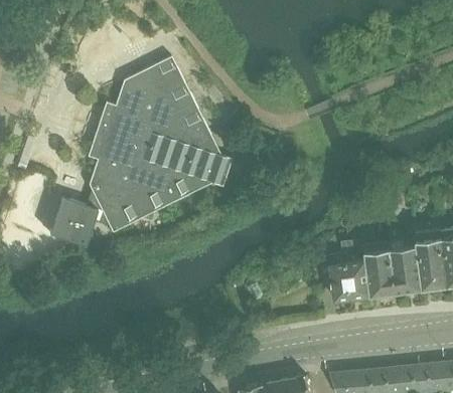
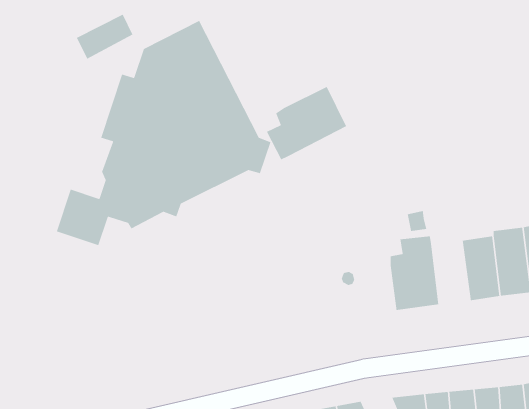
building: none -> [76,13,133,60]
building: none -> [266,86,347,160]
building: [366,241,399,296] -> none

